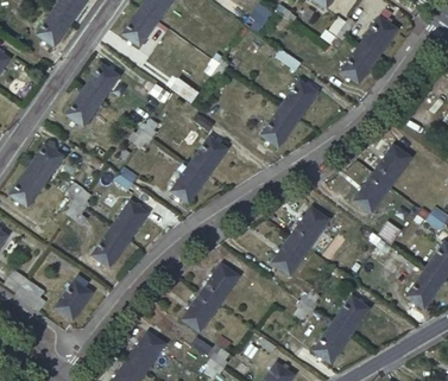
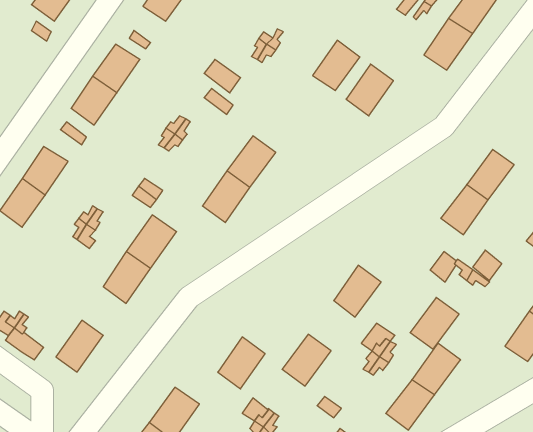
building: [261,107,298,146] -> [313,40,360,91]
building: [290,209,328,249] -> [410,297,459,349]
building: [200,265,238,305] -> [282,334,331,386]

